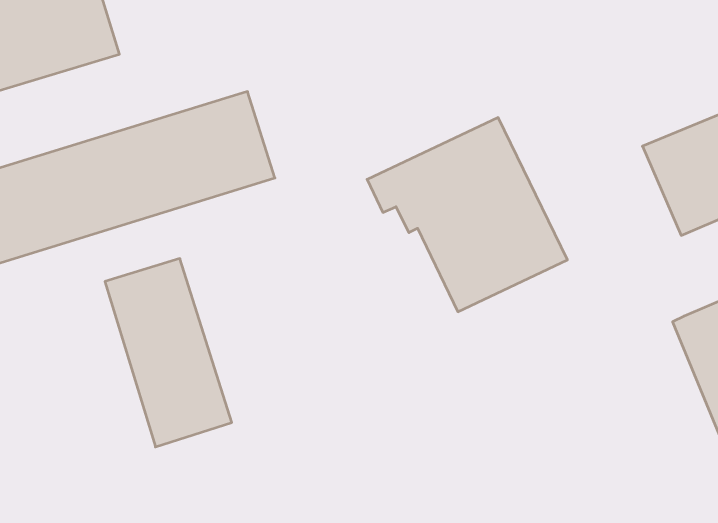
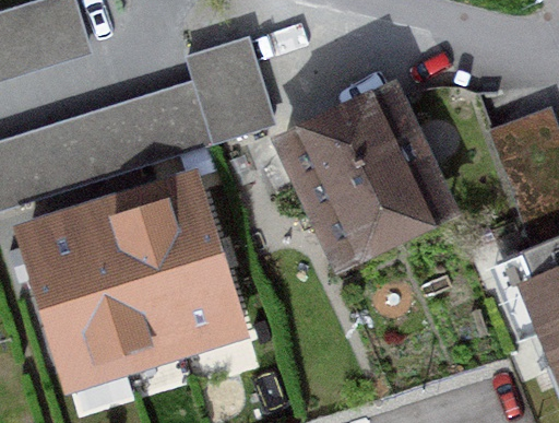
building: none -> [181,36,276,148]
building: none -> [138,190,234,333]
building: none -> [23,226,119,369]

